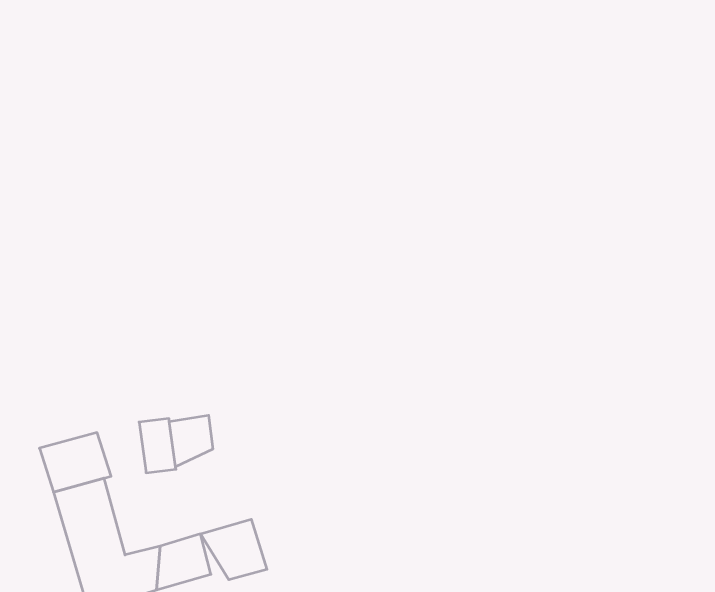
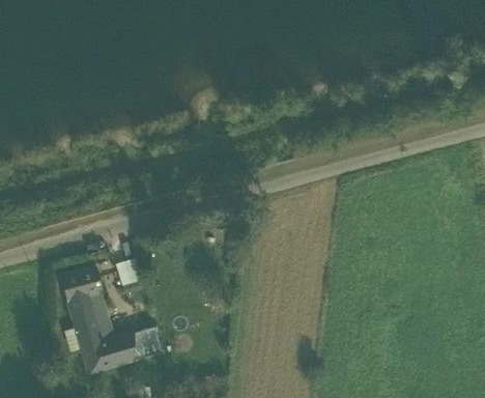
building: [169,415,213,467] -> none
building: [200,519,267,580] -> none

